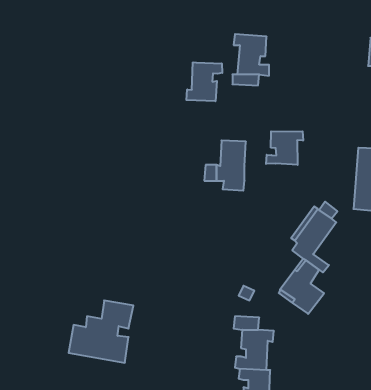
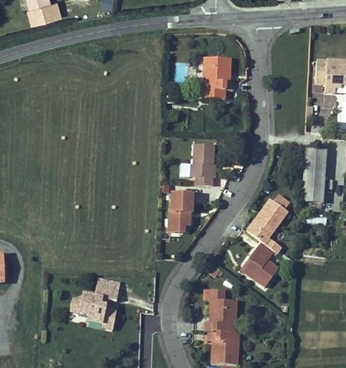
building: [186,62,222,101] -> none
building: [266,131,303,165] -> none
building: none -> [168,194,192,232]

